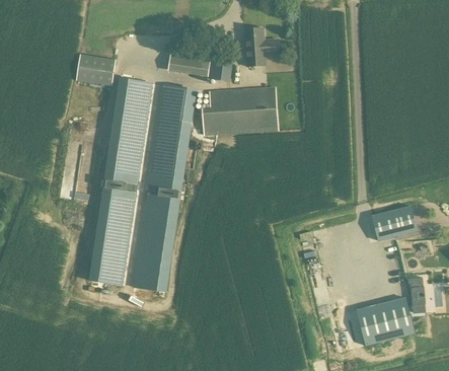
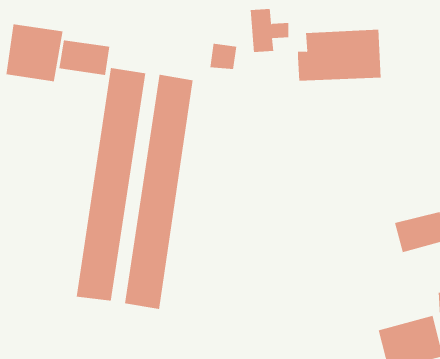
building: none -> [6,24,63,82]
building: [167,49,210,76] -> none
building: [202,87,276,133] -> [297,29,381,81]

